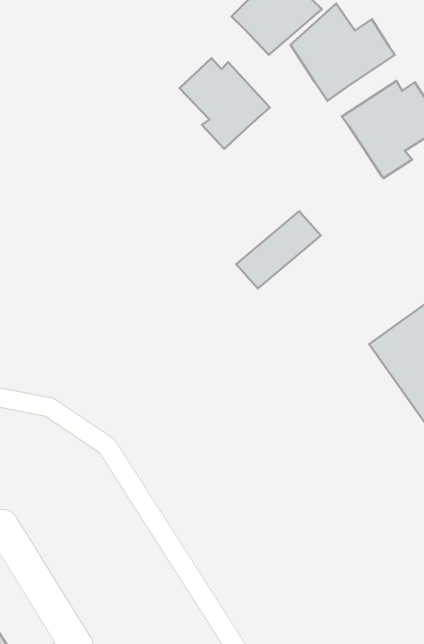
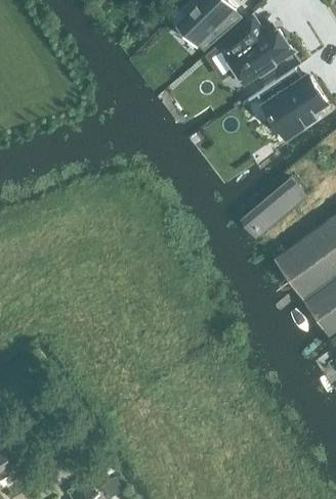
building: [180,58,270,149] -> none
building: [236,211,321,288] -> [246,179,306,234]

